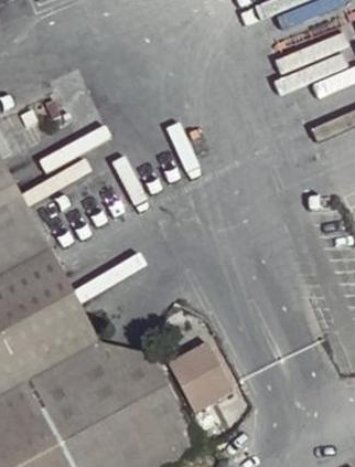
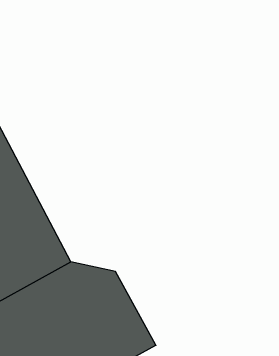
building: [169,341,232,411] -> none

